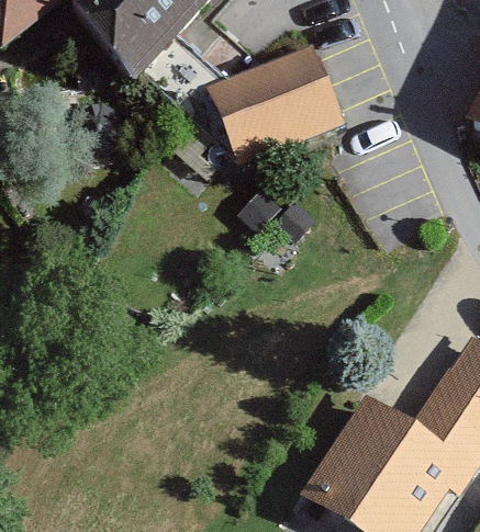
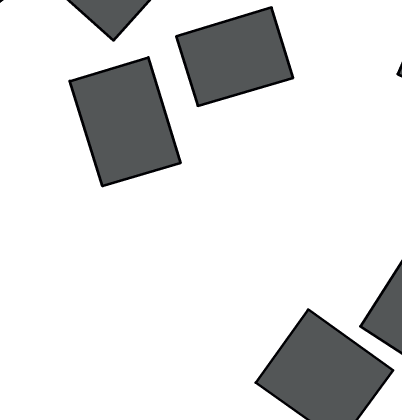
building: none -> [70,57,180,186]

